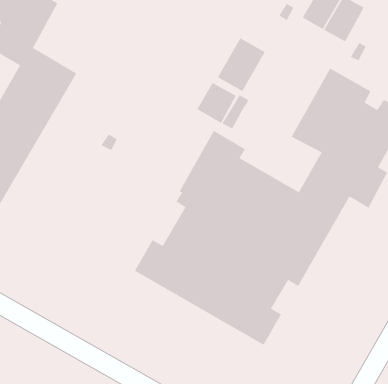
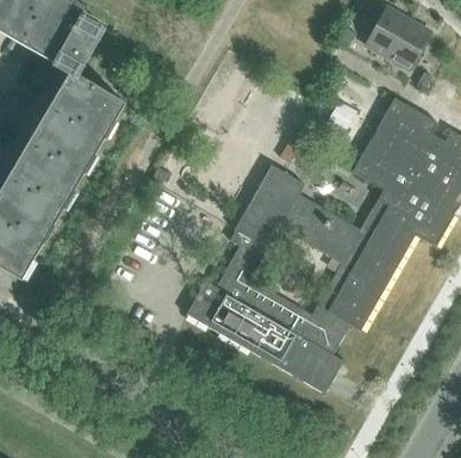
building: [217,37,265,92] -> none
building: [197,82,237,124] -> none

